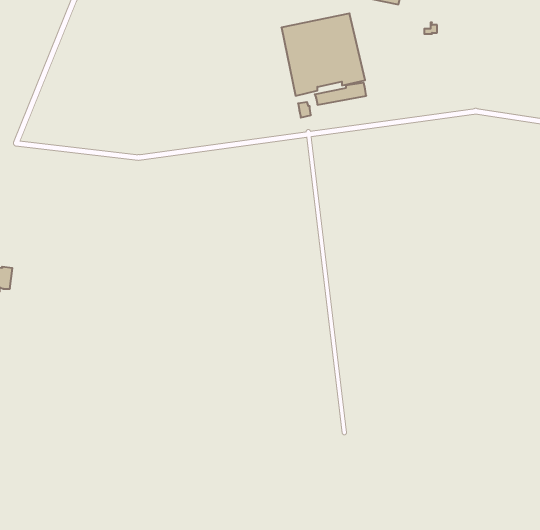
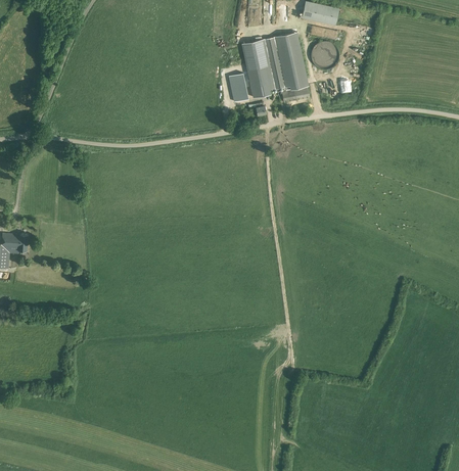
building: none -> [310,41,338,68]
building: none -> [228,74,247,102]

